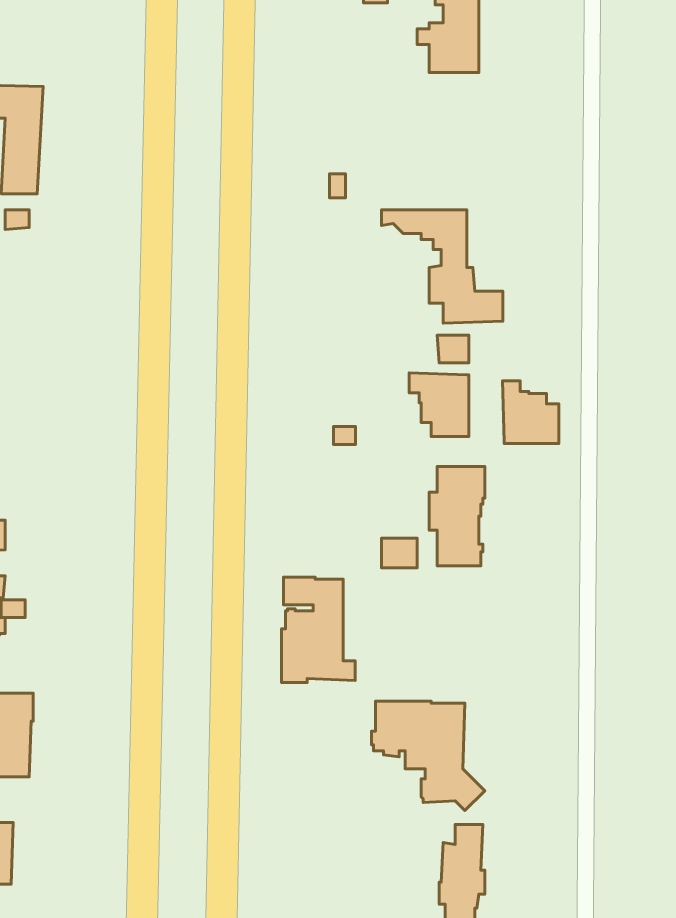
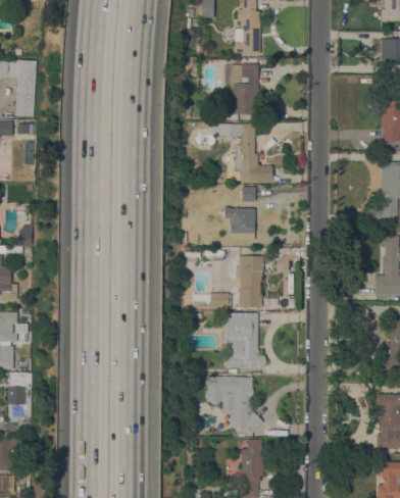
building: none -> [223,63,259,114]
building: [502,381,559,443] -> none
building: [281,577,355,683] -> [227,312,264,366]

